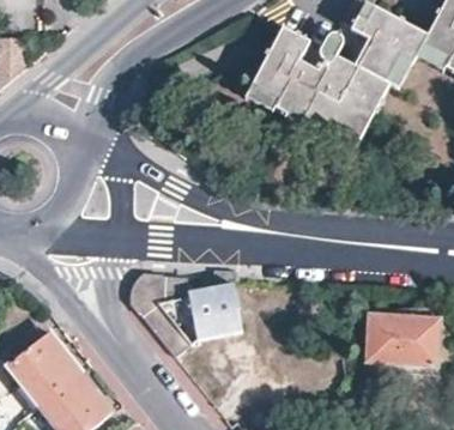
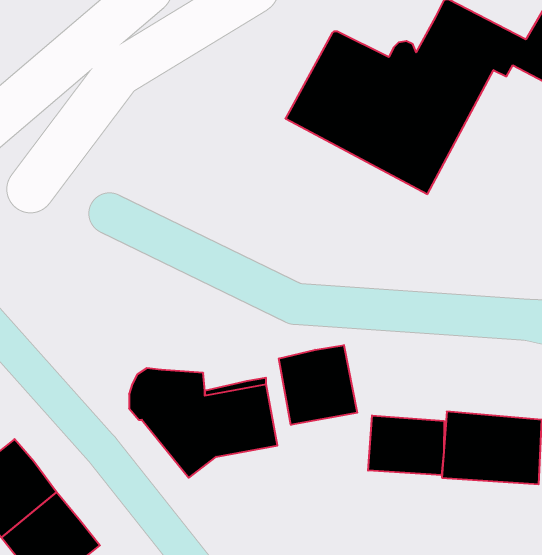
building: none -> [279,345,357,425]
building: none -> [368,415,444,475]

